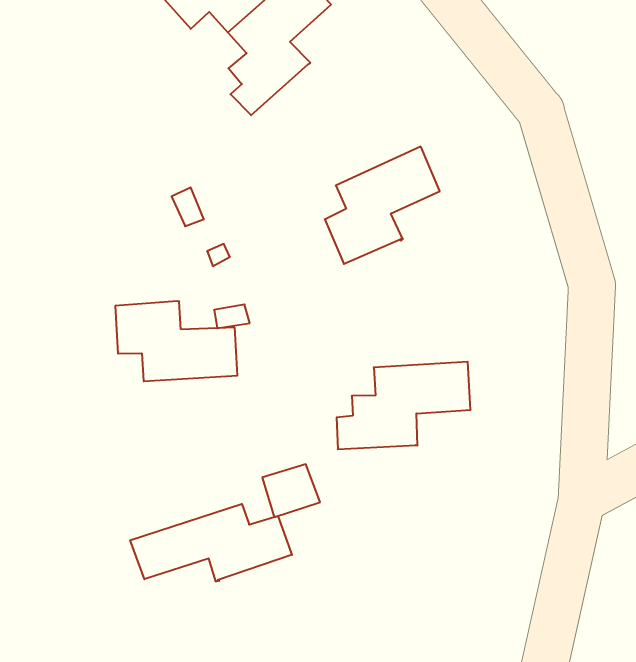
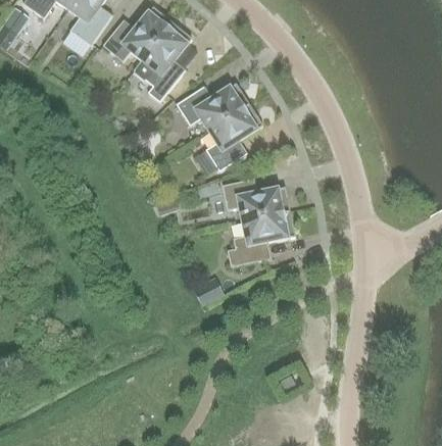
building: none -> [176,83,249,131]
building: [115,301,237,381] -> [222,178,290,221]
building: [130,504,292,582] -> none

